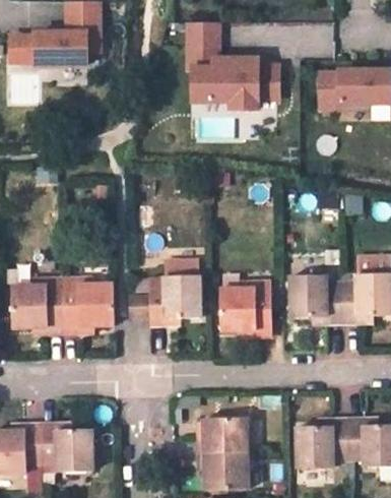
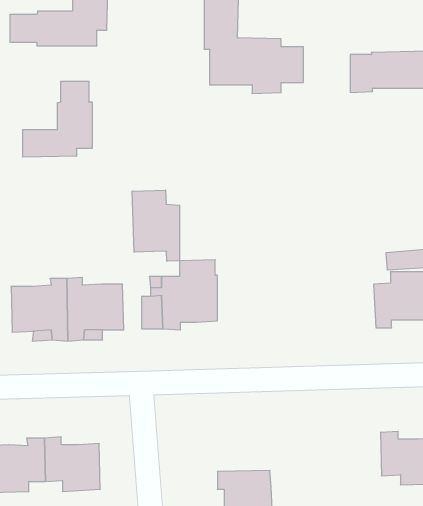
building: none -> [23,81,92,157]
building: none -> [132,190,180,261]
building: [289,273,343,323] -> none
building: [219,281,272,335] -> none
building: [199,418,247,454] -> none
building: [297,418,348,469] -> none

